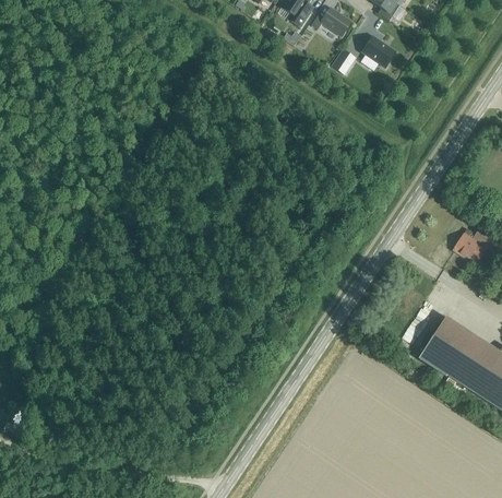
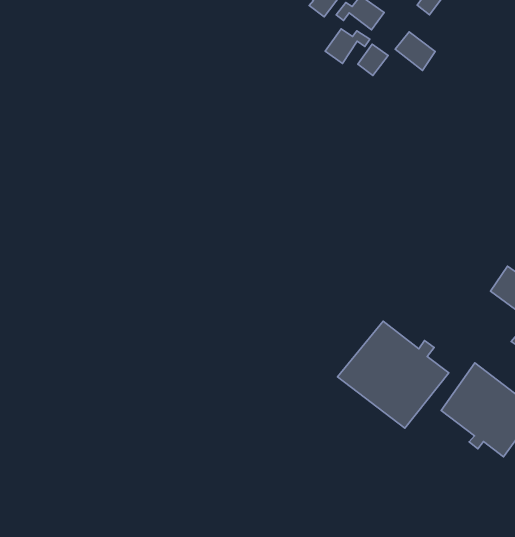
building: none -> [325,29,370,63]
building: none -> [338,321,449,428]

